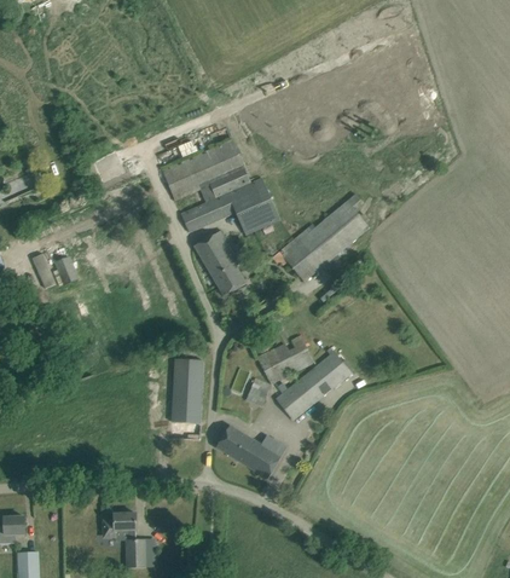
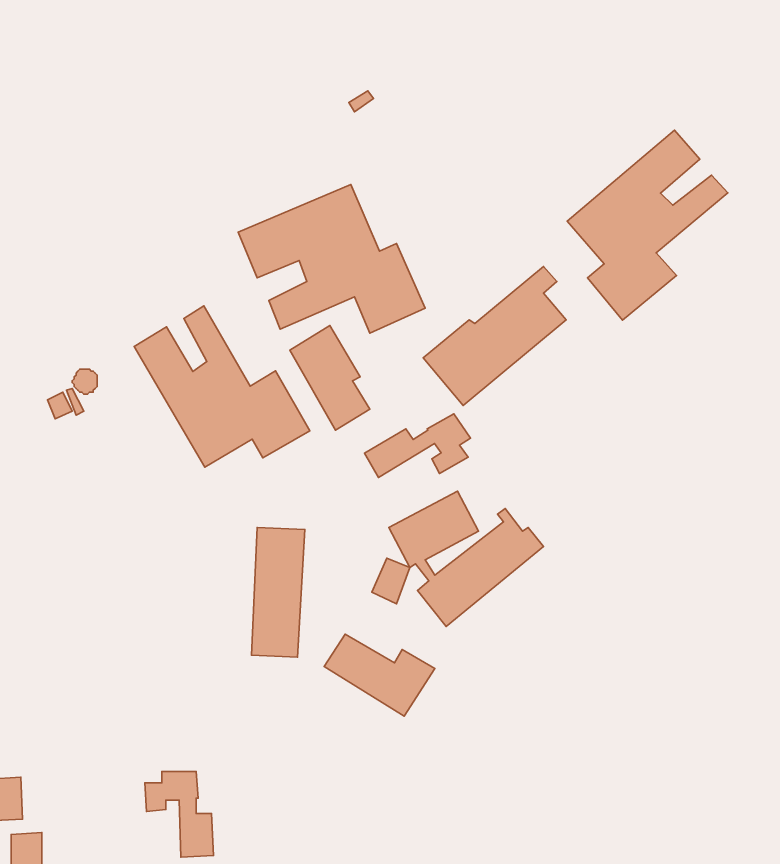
building: none -> [567,130,728,320]
building: none -> [134,306,310,467]
building: none -> [364,414,471,477]

